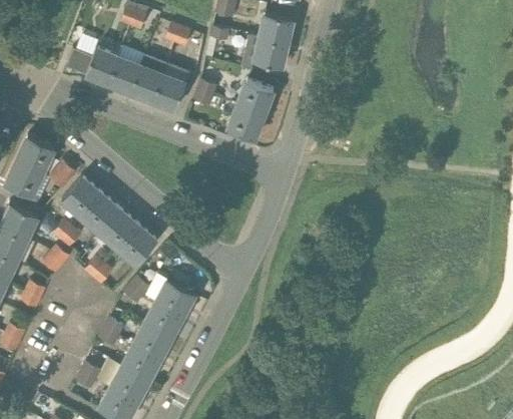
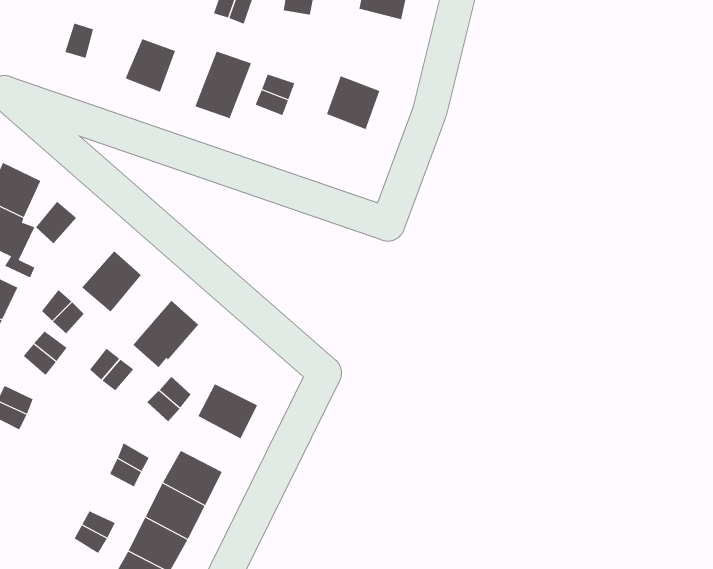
building: [252,38,287,68] -> none
building: [85,39,122,83] -> none
building: [130,56,166,101] -> none
building: [227,106,264,140] -> none
building: [61,178,100,219] -> none
building: [98,211,137,251] -> none
building: [143,302,182,338] -> none

